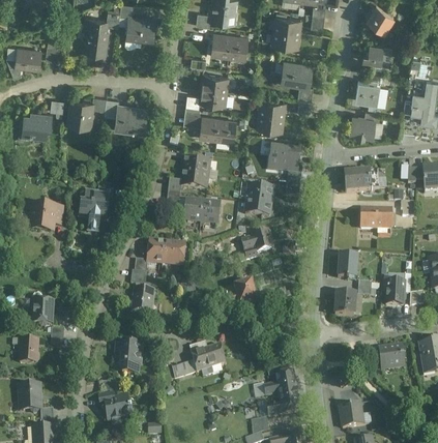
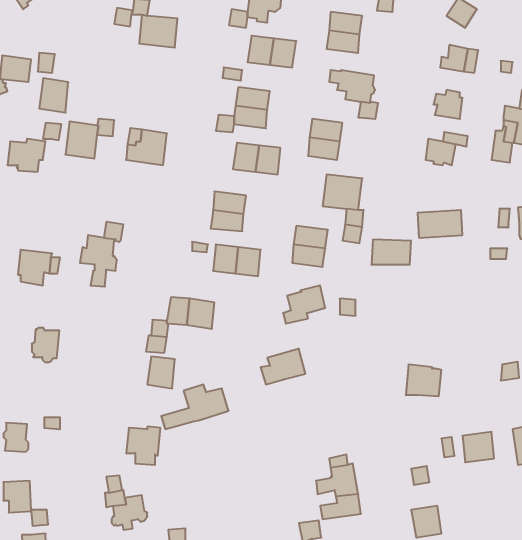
building: [85,30,108,57] -> [39,78,68,113]
building: [360,208,391,228] -> [371,240,411,265]
building: [338,256,357,279] -> none
building: [385,280,404,304] -> none
building: [31,297,53,324] -> [32,328,59,362]
building: [172,338,225,374] -> [161,384,229,429]

